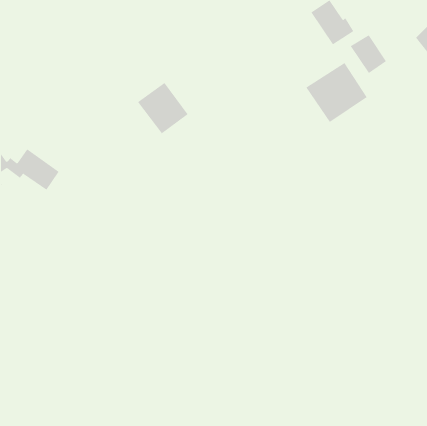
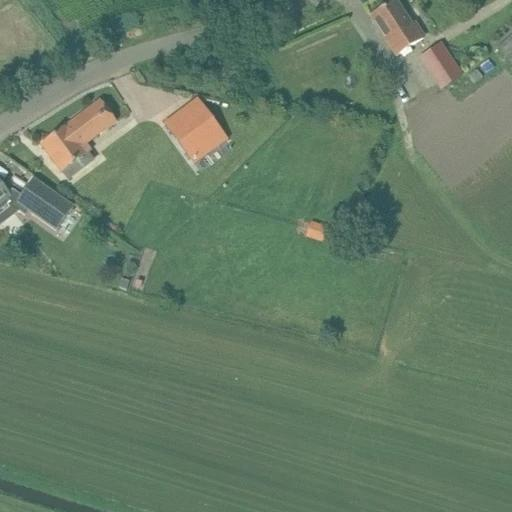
building: [306,62,368,123] -> none
building: none -> [41,98,117,170]

